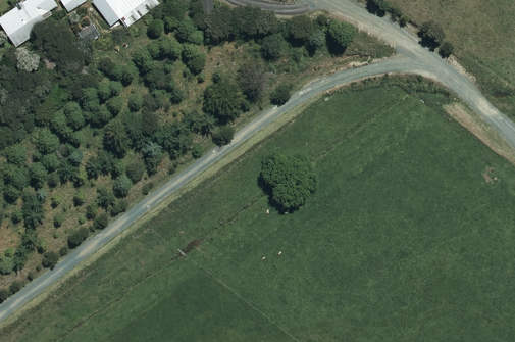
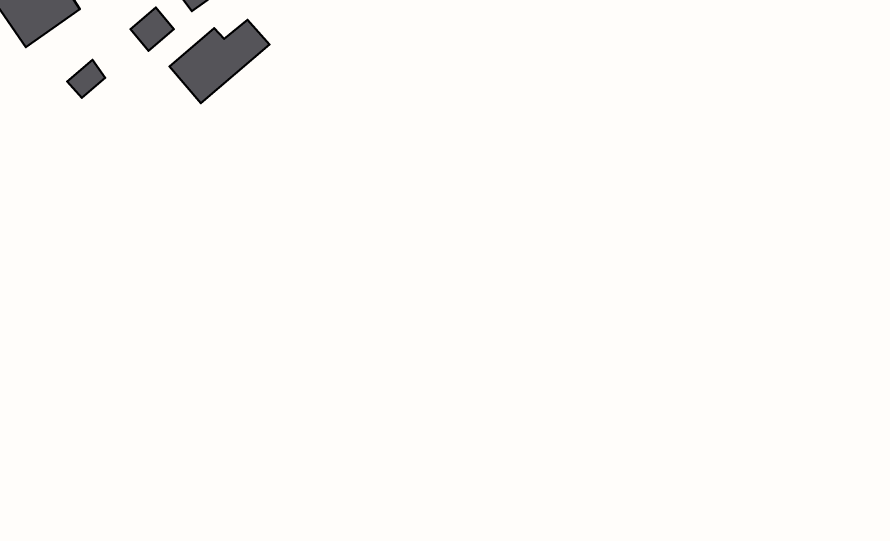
building: none -> [169,20,269,103]

